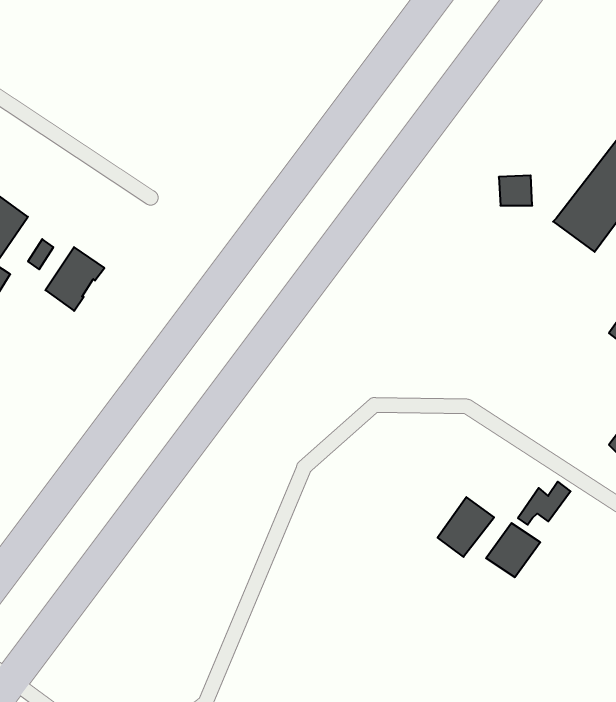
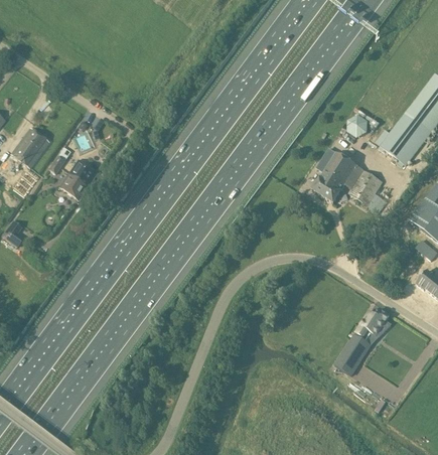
building: none -> [314,152,358,203]
building: none -> [350,169,386,206]
building: [438,497,494,557] -> none

